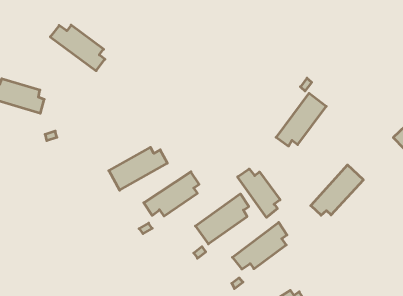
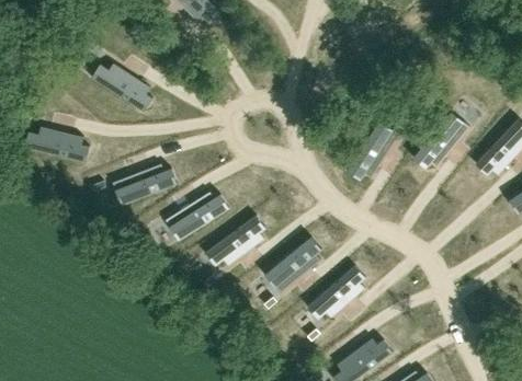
building: none -> [112,164,177,206]
building: [311,165,363,215] -> [412,112,468,169]
building: [238,169,280,217] -> none

